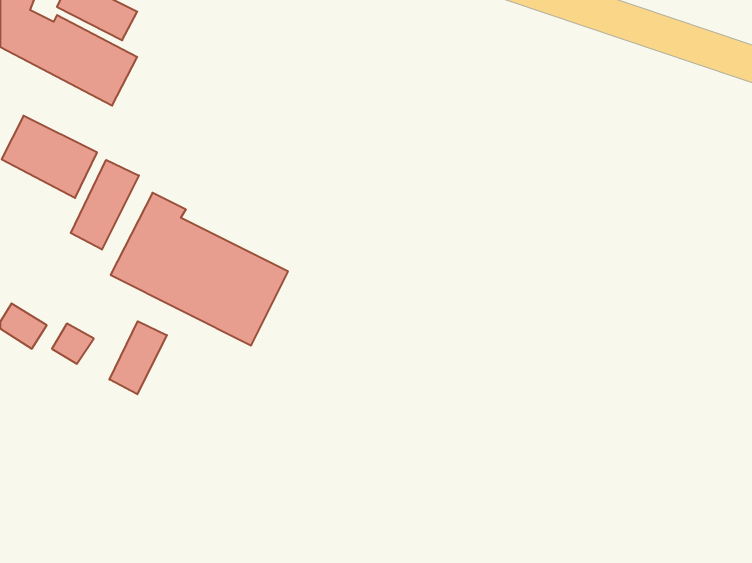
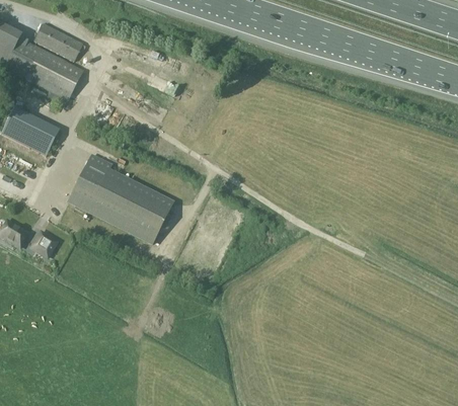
building: [71,160,139,250] -> none
building: [109,321,167,394] -> none

